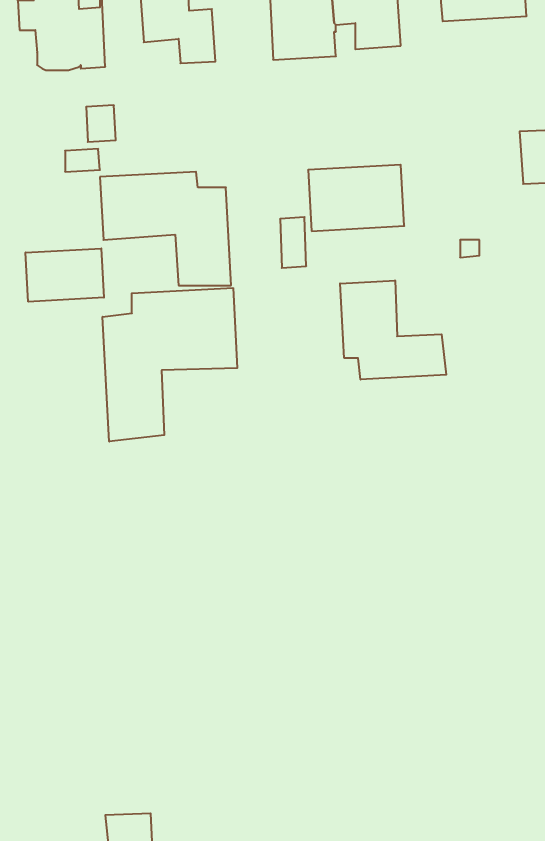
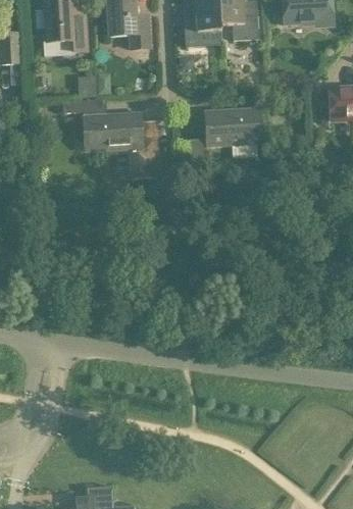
building: [26,248,104,302] -> none
building: [340,280,446,380] -> none
building: [103,288,237,442] -> none

